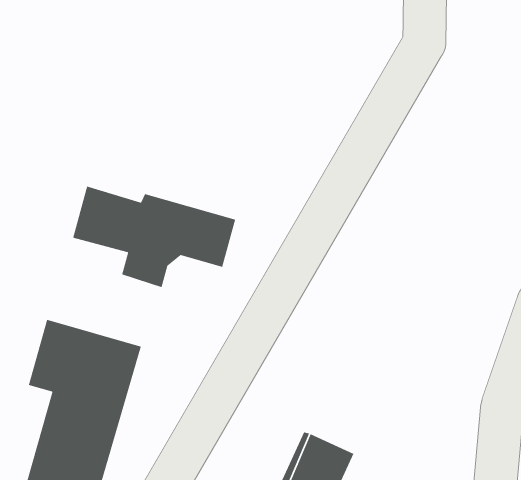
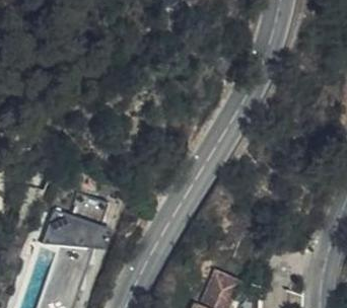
building: [72,186,236,288] -> none

